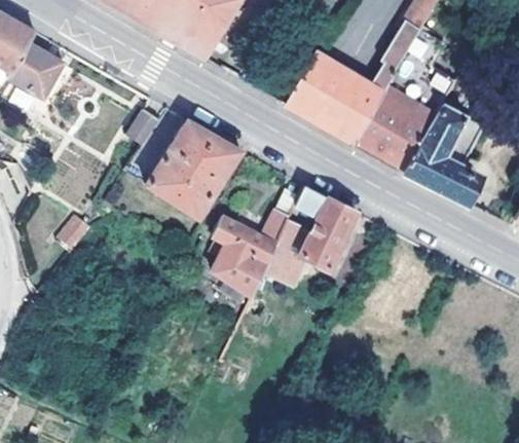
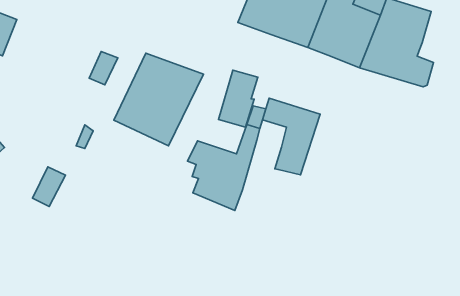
building: [262,225,308,285] -> [219,70,258,127]

